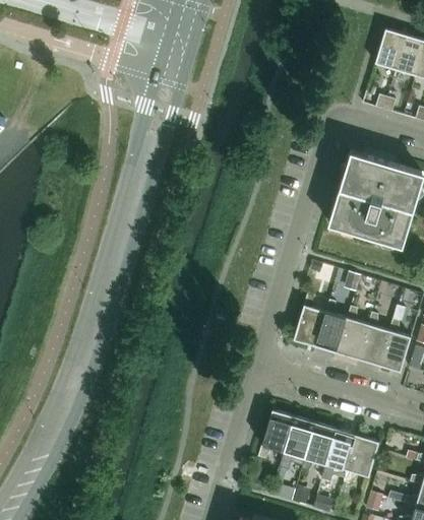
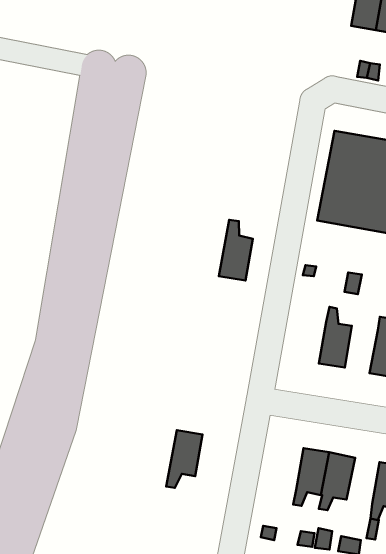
building: [293,294,325,346] -> [219,220,253,280]
building: [337,306,368,360] -> none
building: [258,410,294,459] -> [166,430,202,488]
building: [322,430,357,477] -> none

